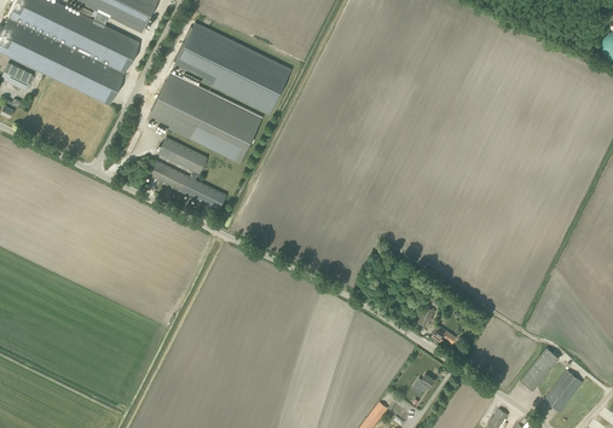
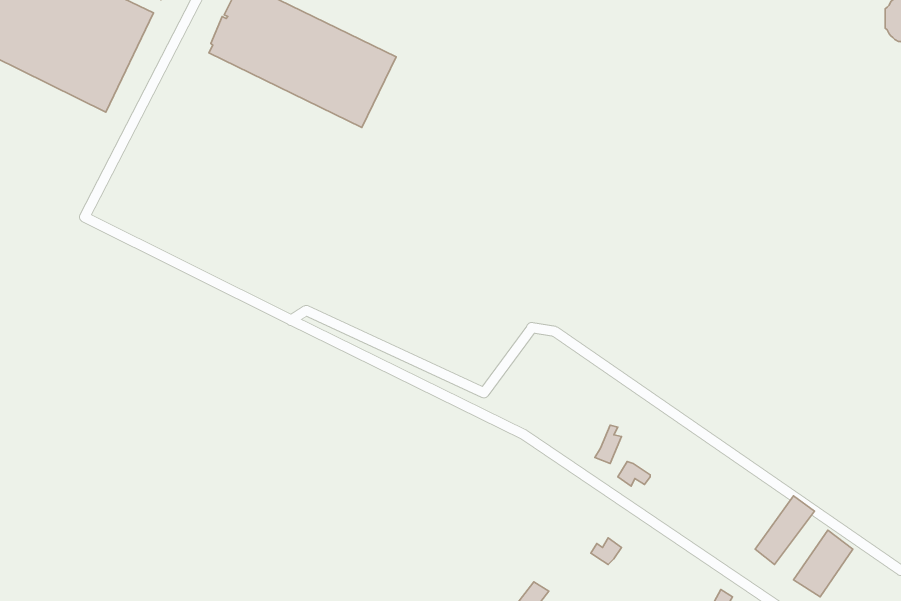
building: [148,74,261,163] -> none
building: [148,137,226,210] -> none

